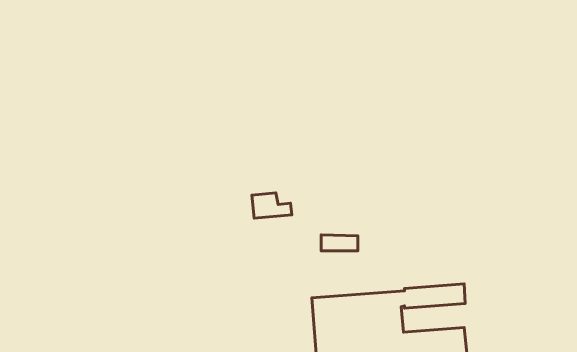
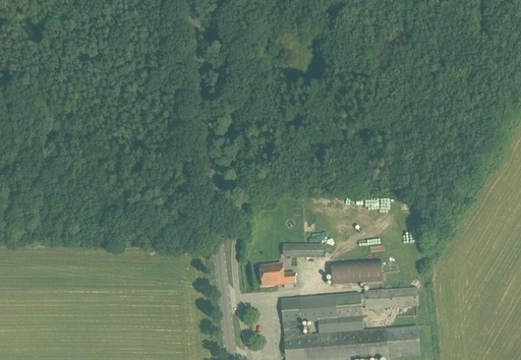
building: [252,193,292,218] -> [259,262,295,285]
building: none -> [330,258,382,284]

